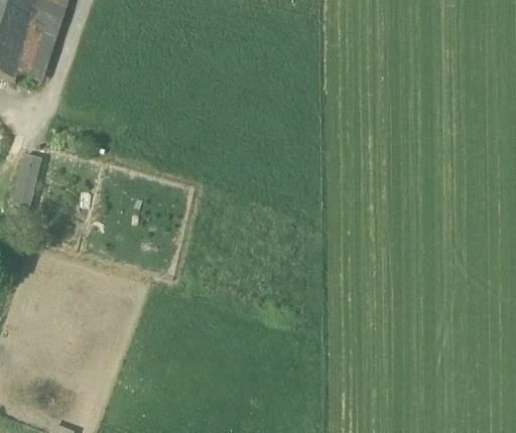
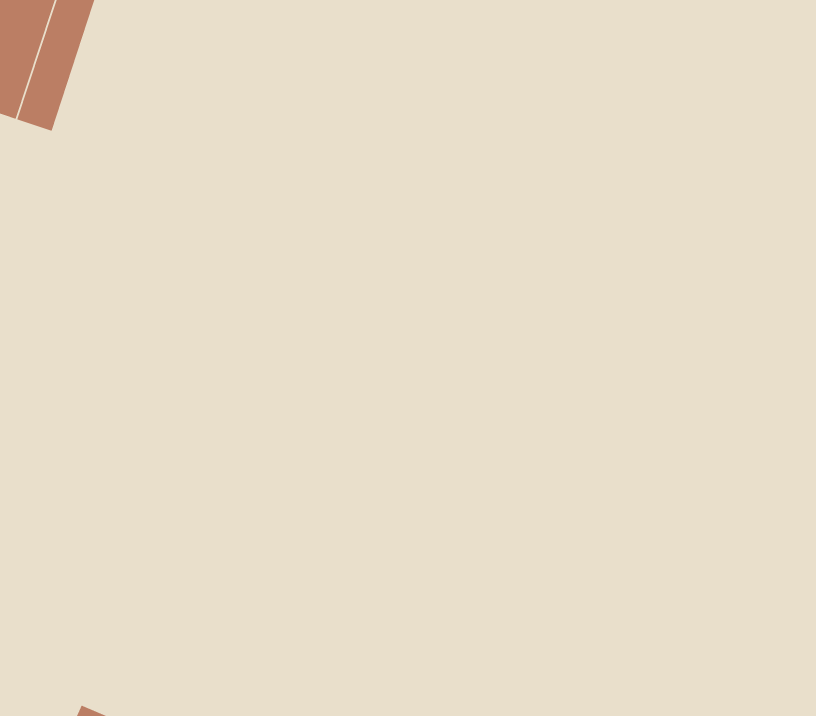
building: [13,151,41,204] -> none

